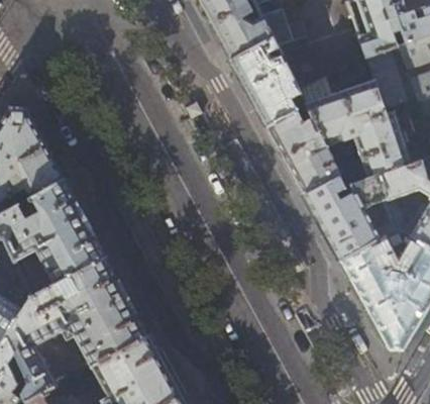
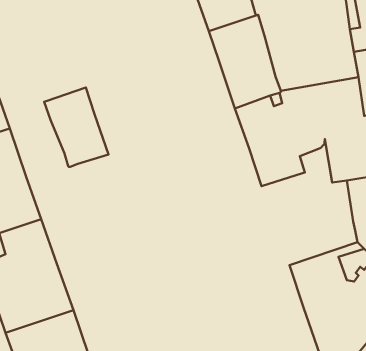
building: none -> [44,88,109,167]
building: [303,175,399,261] -> none

